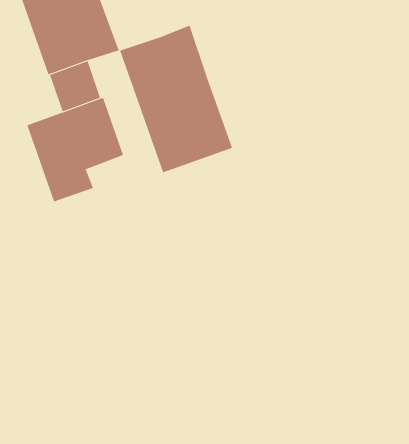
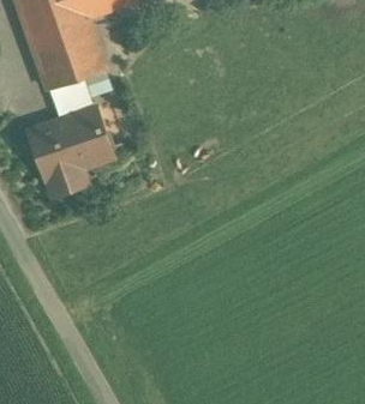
building: [120,25,232,173] -> none

